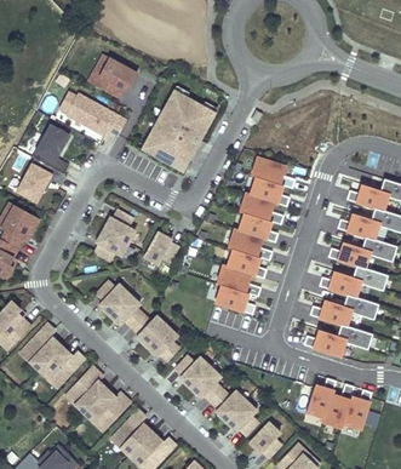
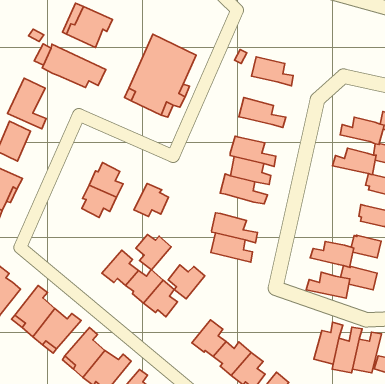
building: [250,176,290,206] -> [251,57,293,86]
building: [327,241,371,268] -> none
building: [227,247,267,278] -> none
building: [319,270,361,297] -> none
building: [96,280,130,314] -> [136,235,171,270]
building: [174,354,210,387] -> [168,265,205,299]

